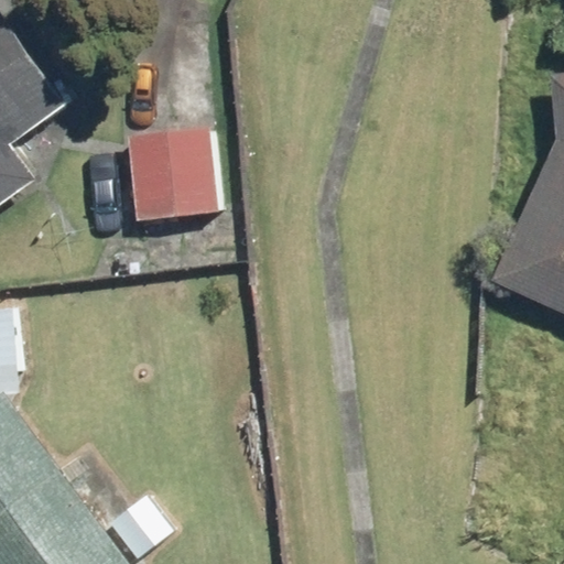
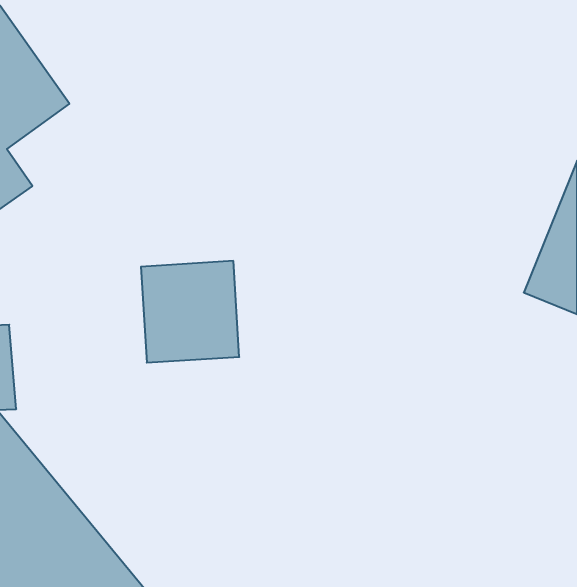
building: [122,127,216,224] -> [141,261,239,363]

